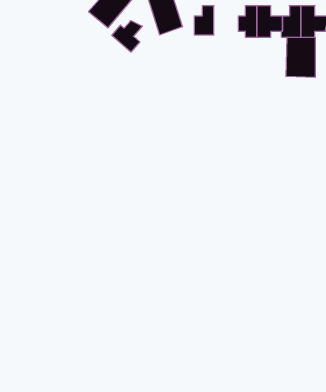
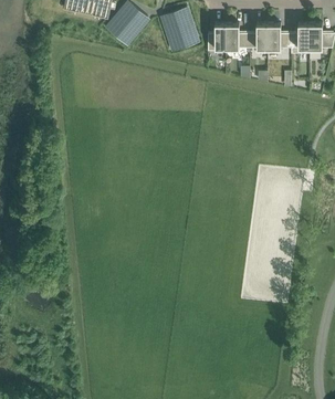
building: none -> [226,23,249,51]
building: [112,21,142,52] -> none
building: [286,37,315,77] -> none

